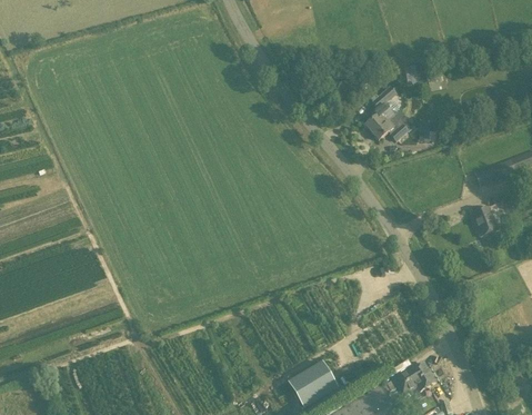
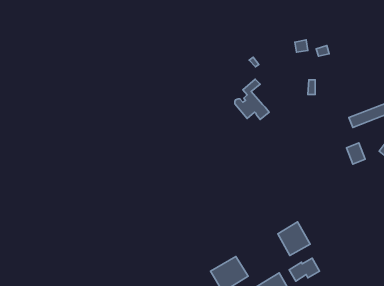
building: [362,87,409,141] -> [235,79,269,119]
building: none -> [278,222,310,255]

